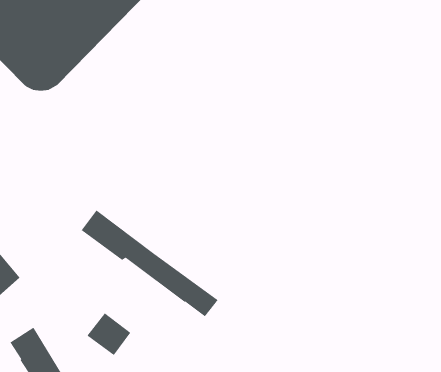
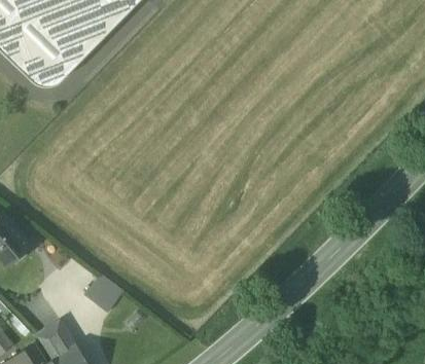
building: [81,209,218,317] -> none

